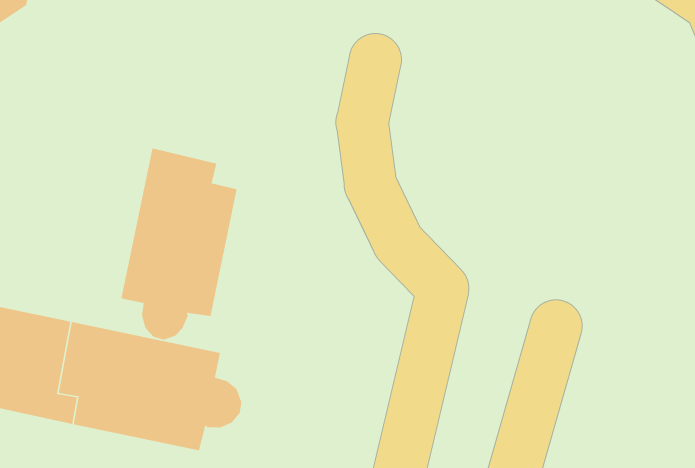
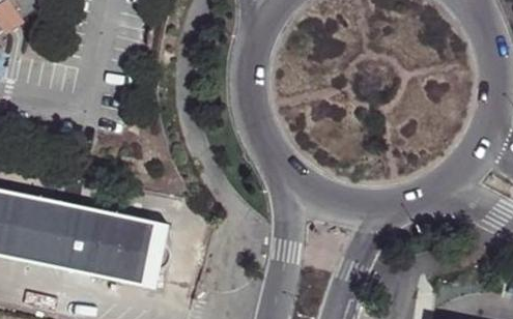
building: [120,148,238,340] -> none

